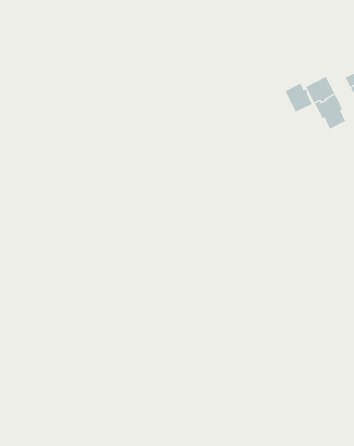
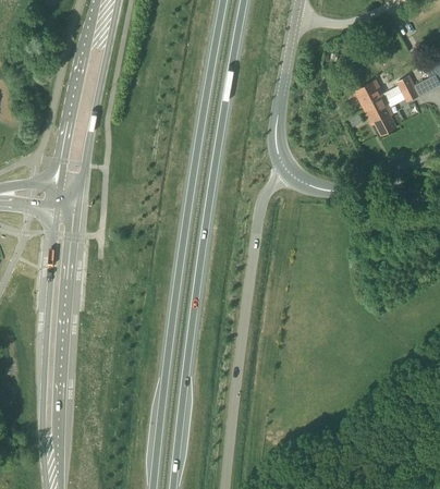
building: [285,83,313,112] -> none

